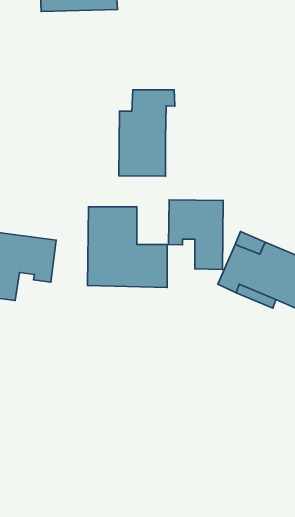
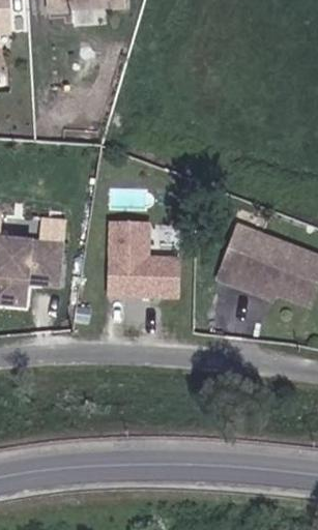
building: [119,90,175,176] -> none
building: [168,200,223,269] -> none

